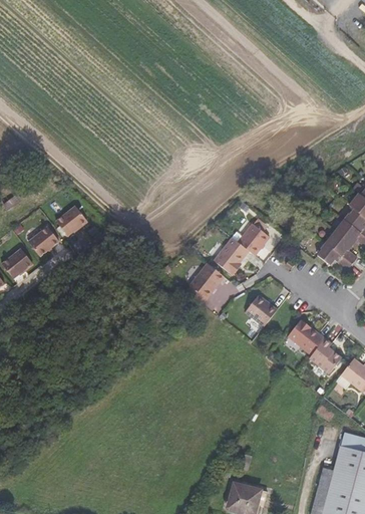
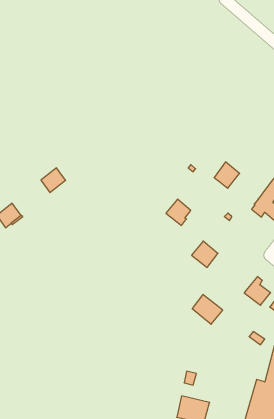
building: [237,223,268,255] -> [214,162,240,188]
building: [32,226,63,256] -> none
building: [185,263,223,303] -> none
building: [287,318,324,354] -> [192,295,223,324]

